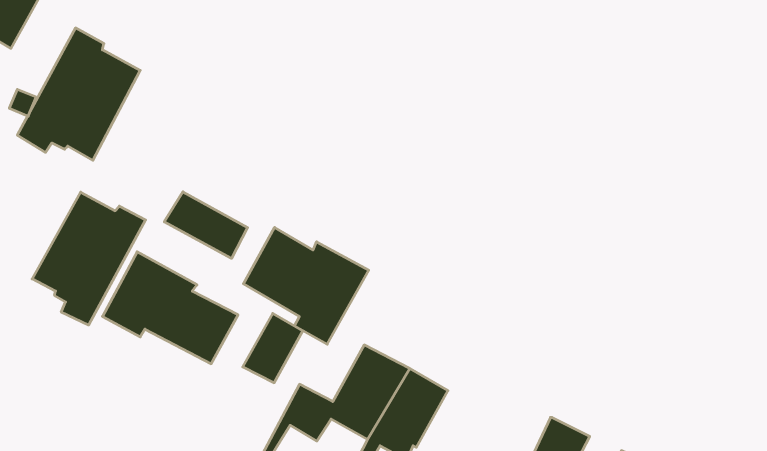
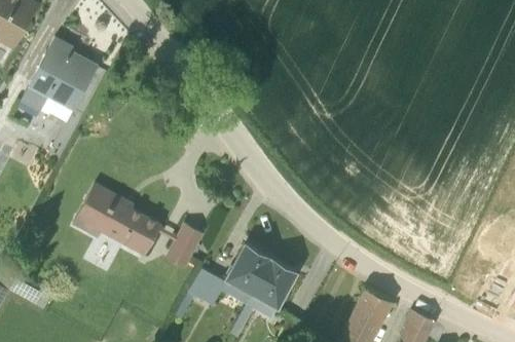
building: [164,192,248,258] -> none
building: [32,192,146,325] -> none
building: [243,227,369,344] -> none

